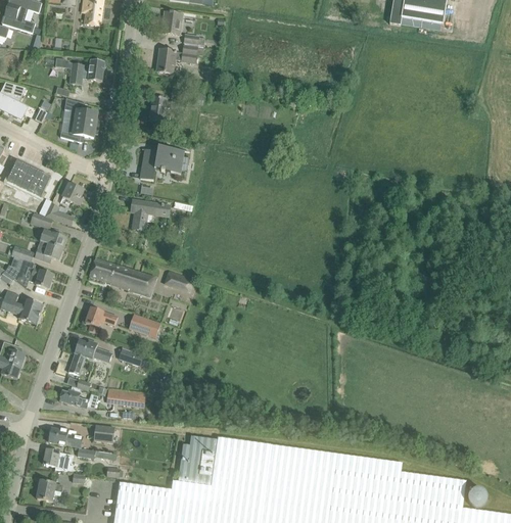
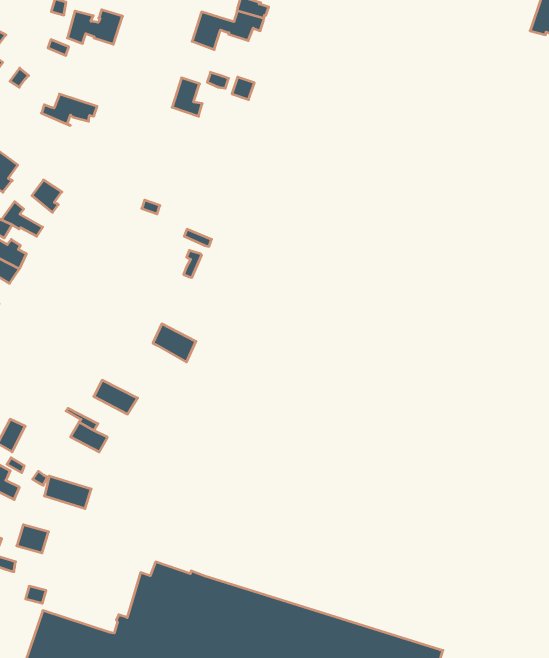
building: [64,99,98,127] -> none
building: [139,146,184,180] -> none
building: [131,200,170,230] -> none
building: [89,258,155,296] -> none
building: [85,306,117,333] -> none
building: [74,339,111,363] -> none

